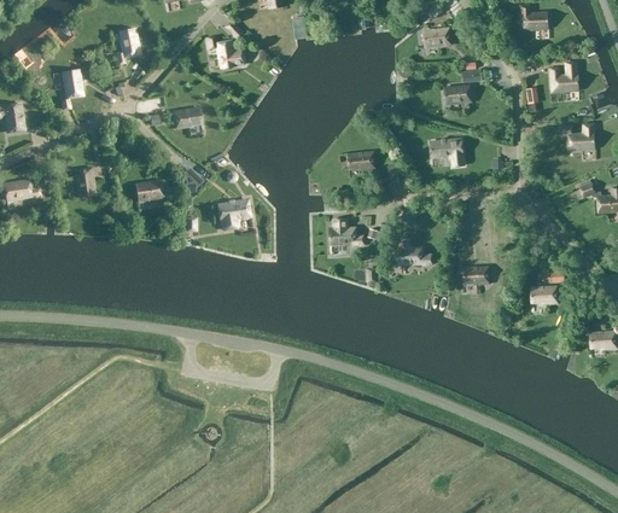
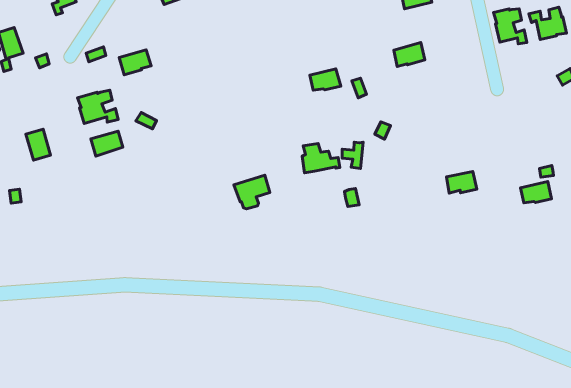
building: none -> [494,9,527,44]
building: none -> [77,90,118,124]
building: [216,199,249,228] -> [234,175,270,209]
building: [396,243,431,264] -> none

